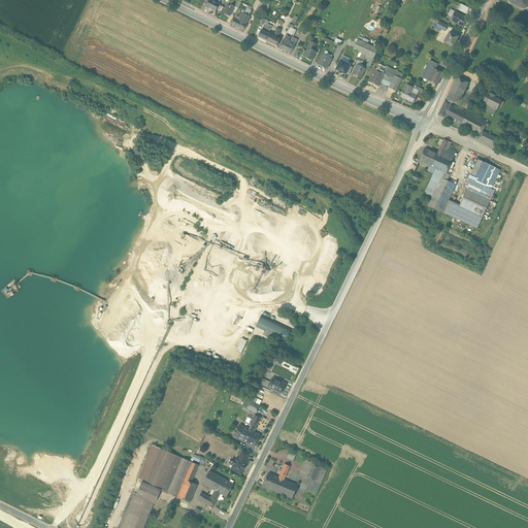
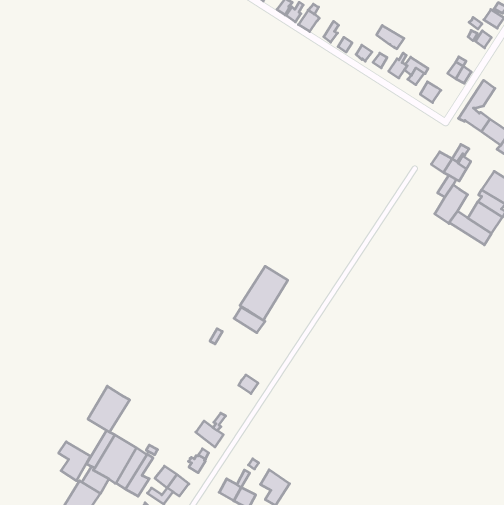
building: none -> [240,266,288,320]
building: none -> [88,386,130,432]
building: none -> [59,442,91,481]

